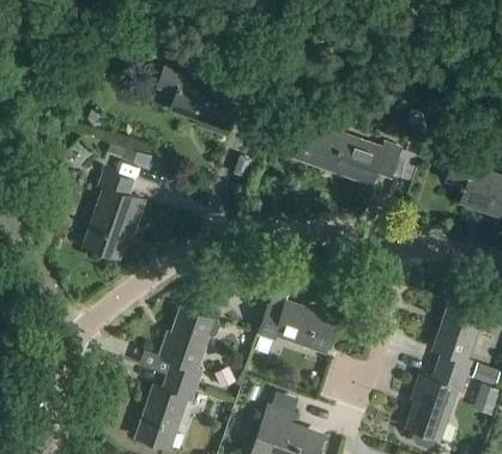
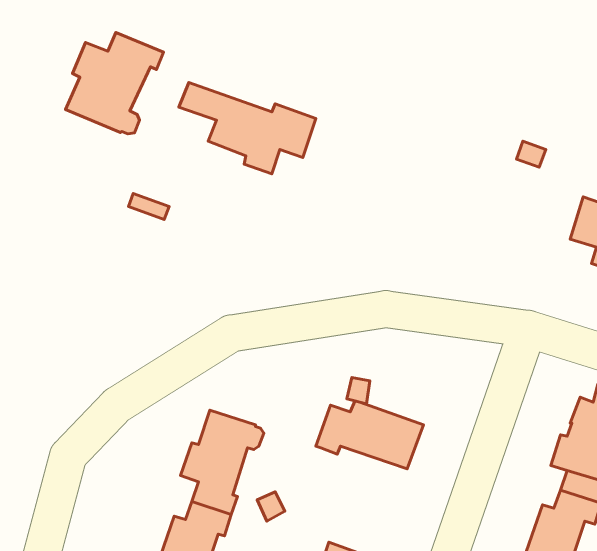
building: none -> [65,33,164,134]
building: [295,114,399,182] -> none
building: [84,171,143,260] -> none

